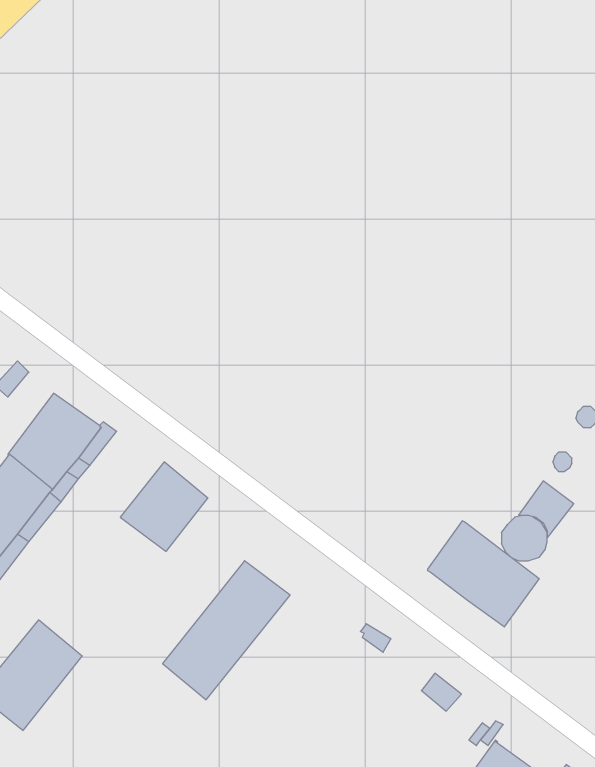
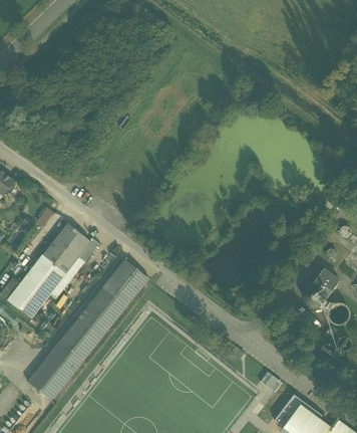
building: [428,521,539,627] -> none
building: [163,561,290,700] -> [58,287,125,361]

